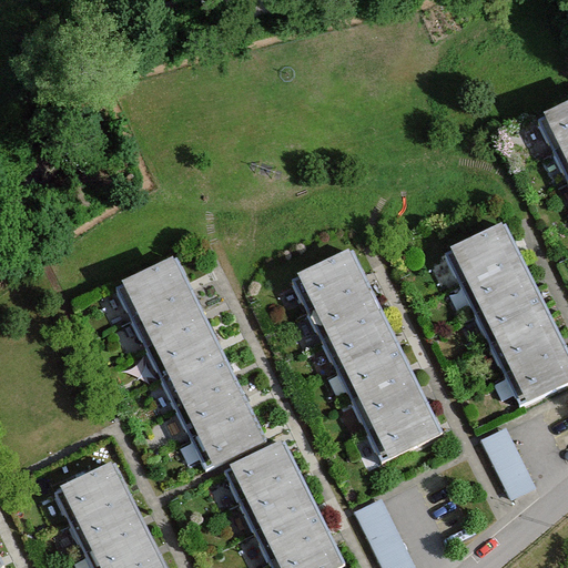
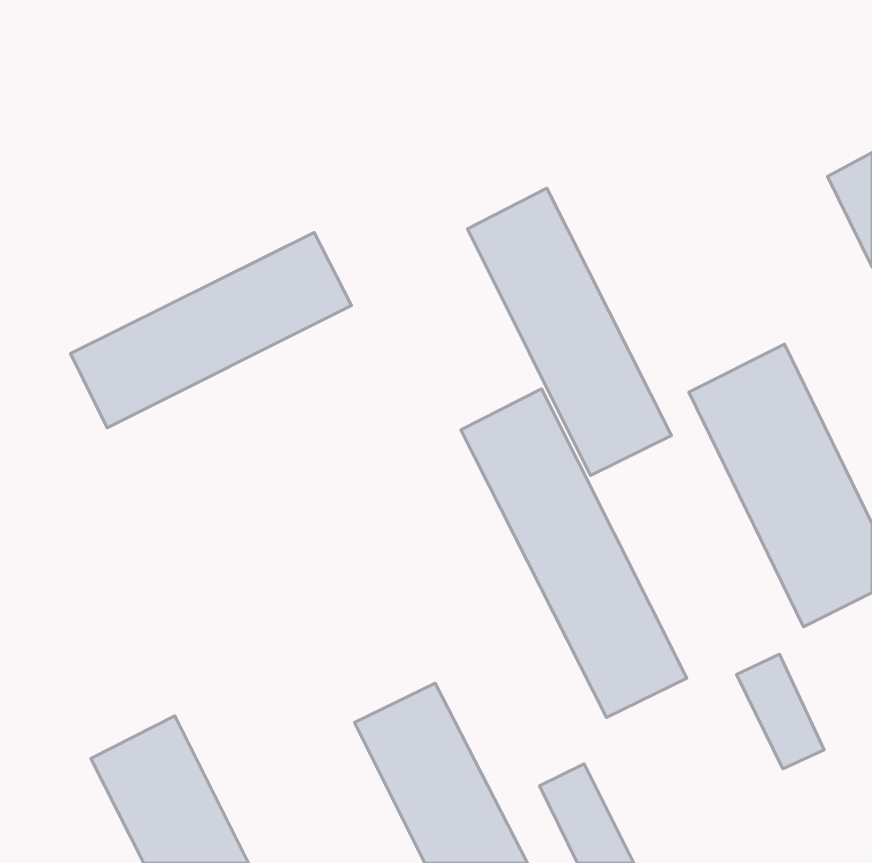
building: none -> [467,188,671,476]
building: none -> [71,233,352,428]
building: [121,258,267,473] -> none

